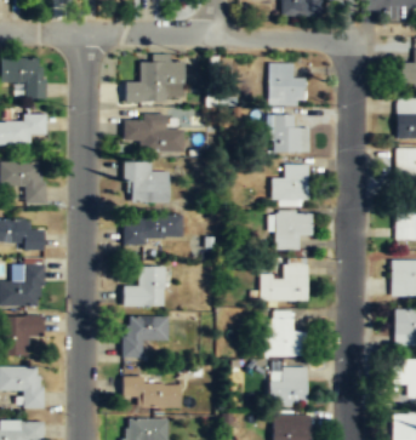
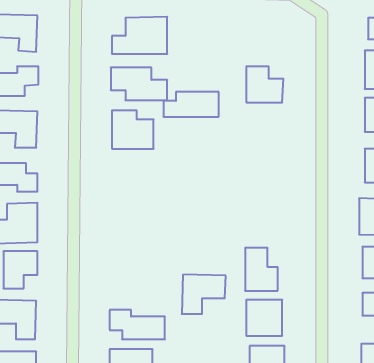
building: [268,63,306,104] -> none
building: [270,165,308,200] -> none
building: [272,212,313,251] -> none
building: [124,216,183,242] -> [163,92,219,117]
building: [260,262,308,301] -> none
building: [124,267,165,308] -> none
building: [122,316,170,359] -> [182,275,226,314]

